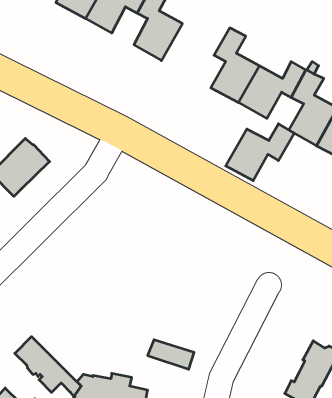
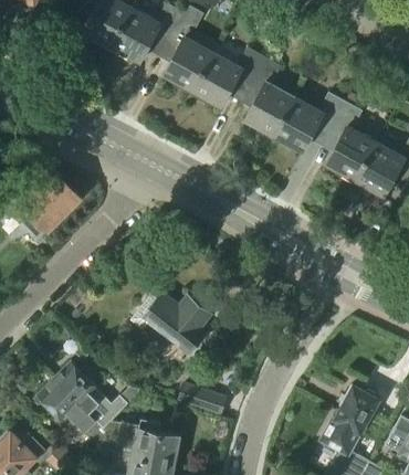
building: [226,124,294,181] -> [192,47,264,107]
building: none -> [144,293,210,352]
building: none -> [56,365,140,429]

